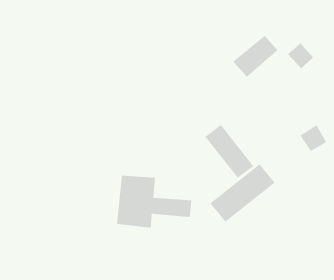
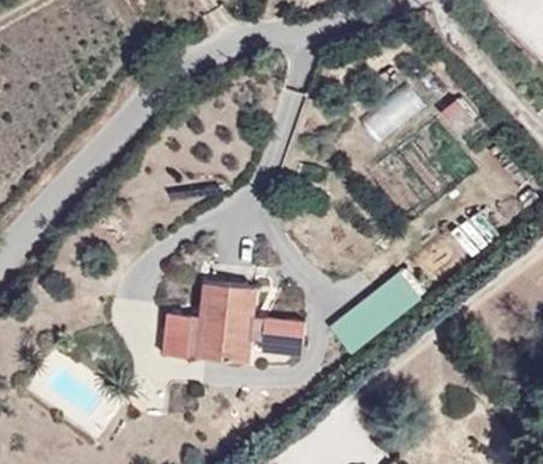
building: [205,124,254,179] -> none
building: none -> [166,314,198,355]

